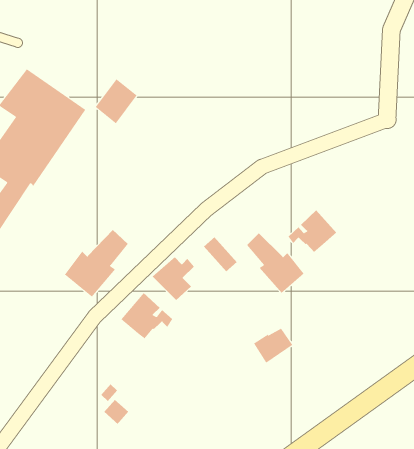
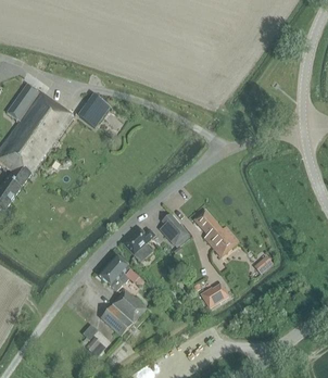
building: [288,209,337,253] -> none
building: [64,229,129,298] -> none
building: none -> [100,290,146,336]

